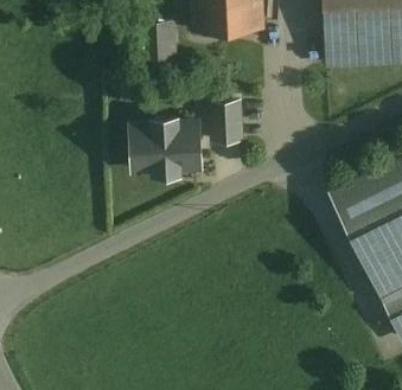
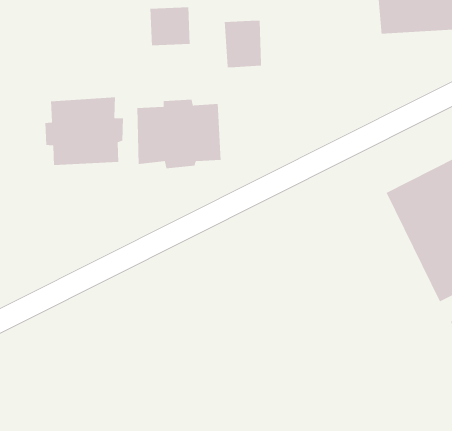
building: [211,104,242,143] -> [224,20,262,68]
building: none -> [44,96,124,166]

